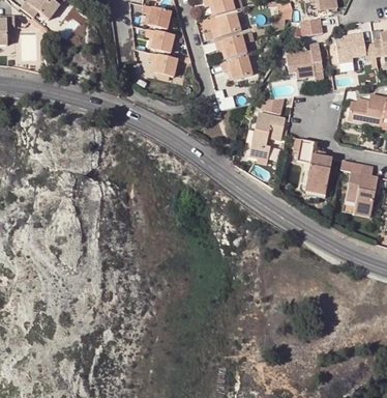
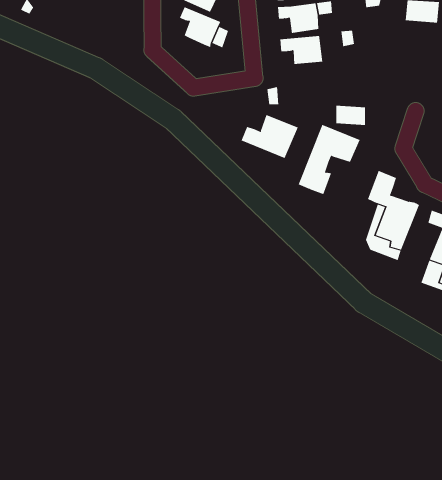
building: [285,47,322,76] -> none
building: none -> [241,114,298,159]

